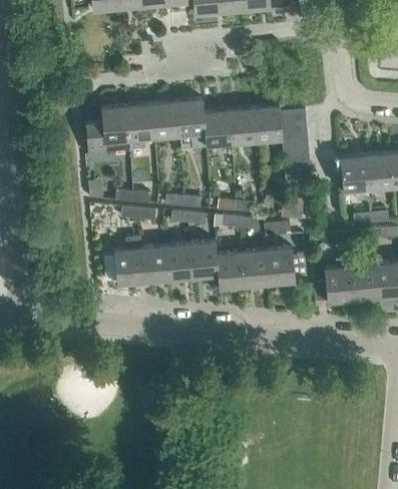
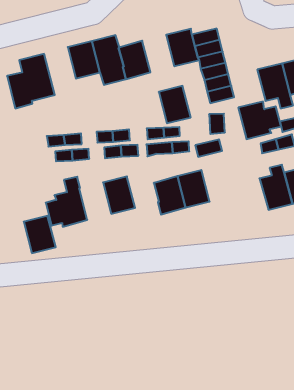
building: [127,103,155,150] -> none
building: [229,107,257,142] -> [159,86,191,123]
building: [190,241,219,277] -> none
building: [140,246,168,281] -> [24,216,56,253]
building: [267,248,307,283] -> [238,102,281,139]

